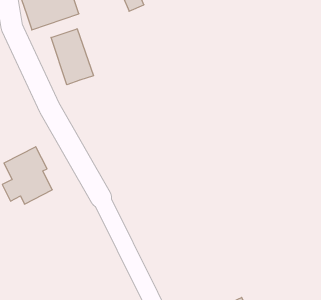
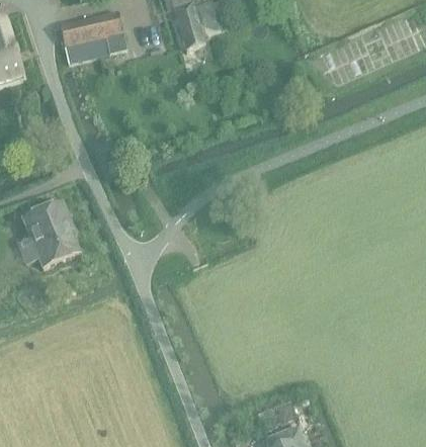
building: [51,29,94,85] -> none

